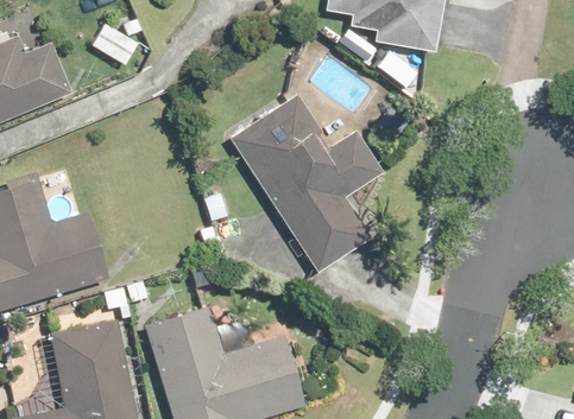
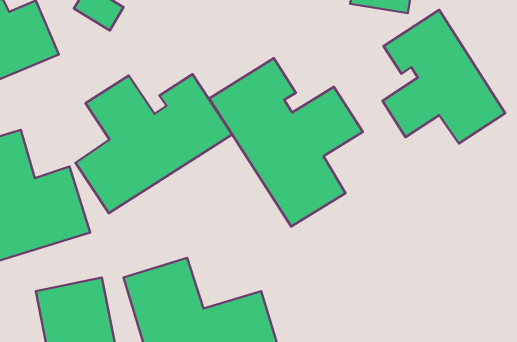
building: none -> [382,10,505,144]
building: none -> [76,74,232,213]

